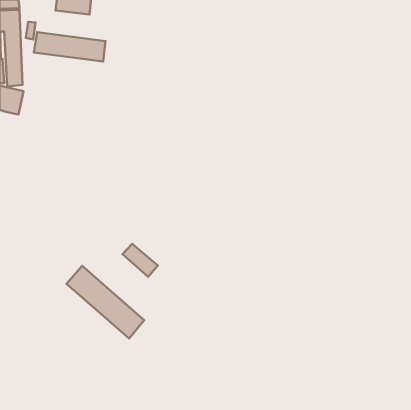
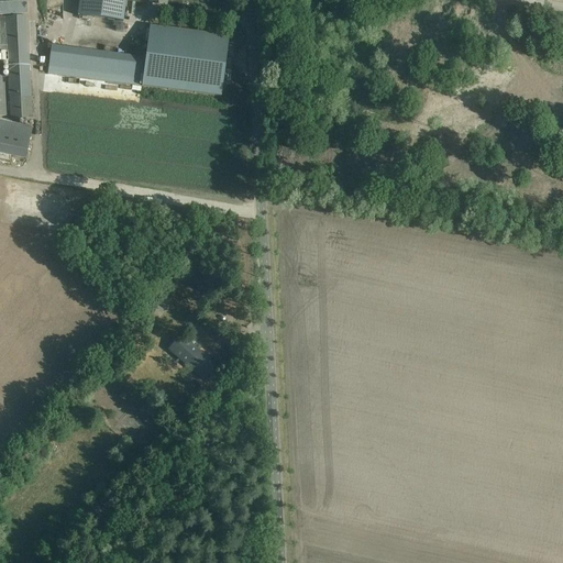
building: none -> [141,23,228,93]
building: [66,266,144,339] -> none

